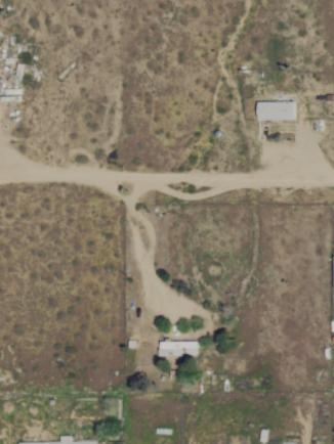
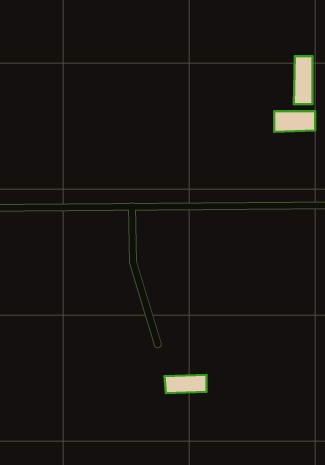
building: none -> [294,56,312,104]

